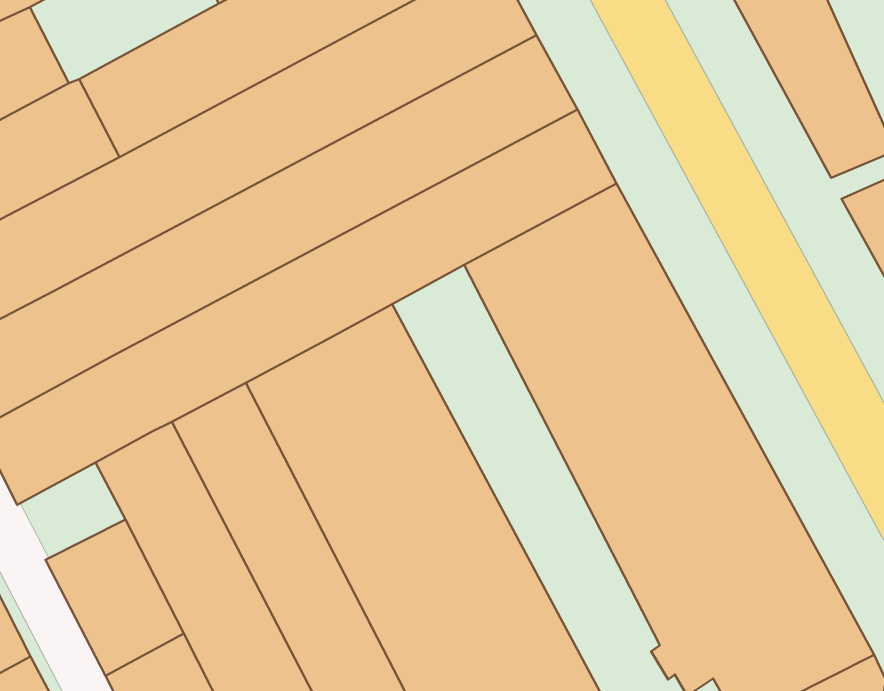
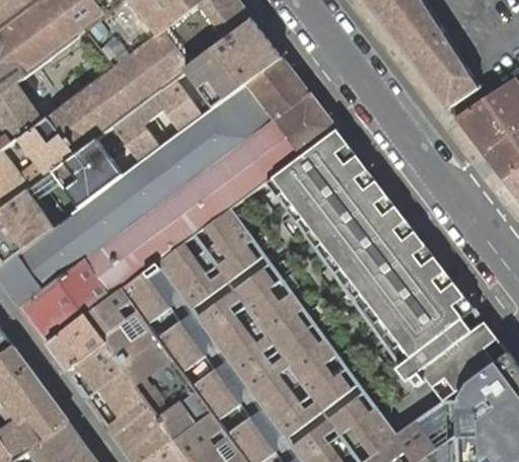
building: none -> [50,316,107,371]

